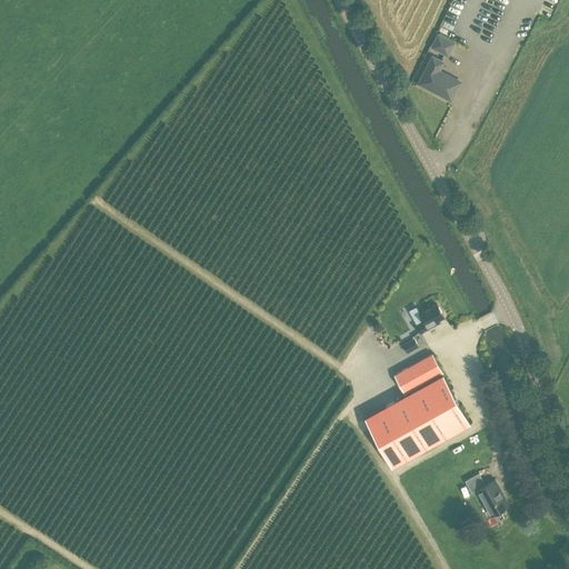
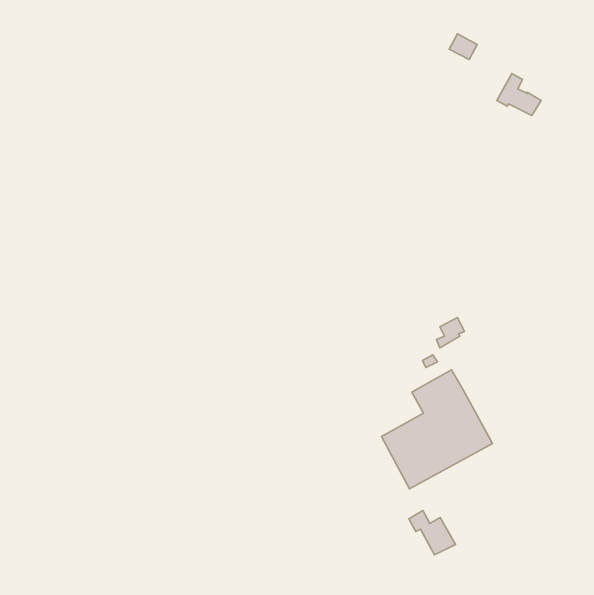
building: [417,58,459,98] -> [497,74,541,116]
building: [463,473,508,516] -> [409,511,455,555]

